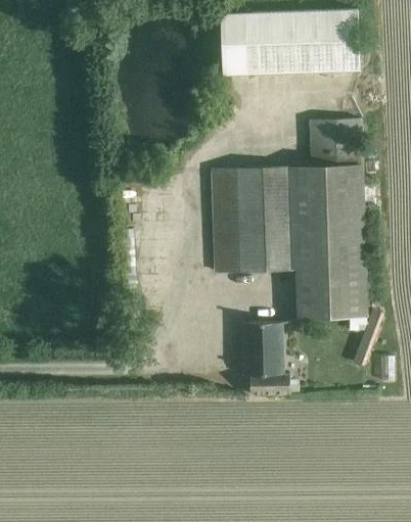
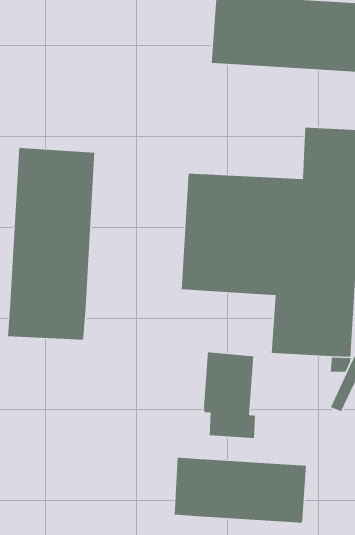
building: none -> [7,147,95,340]
building: none -> [174,457,307,523]

